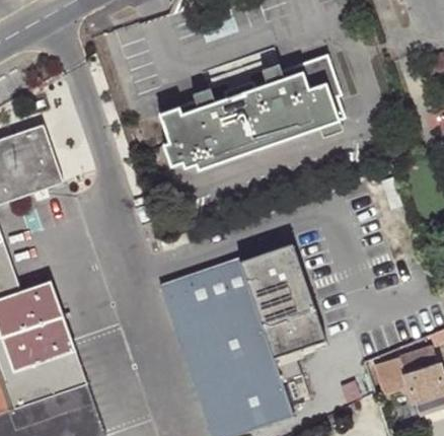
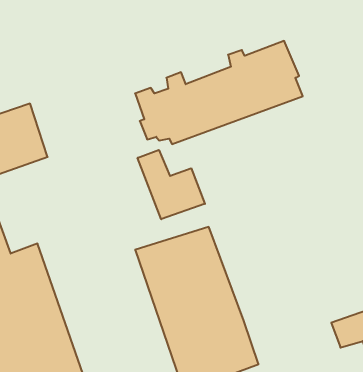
building: none -> [138,150,205,219]
building: [240,243,324,363] -> none

